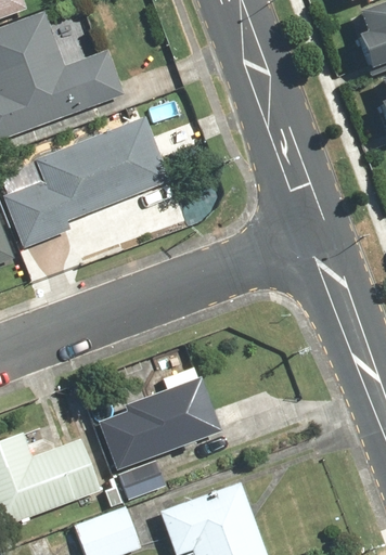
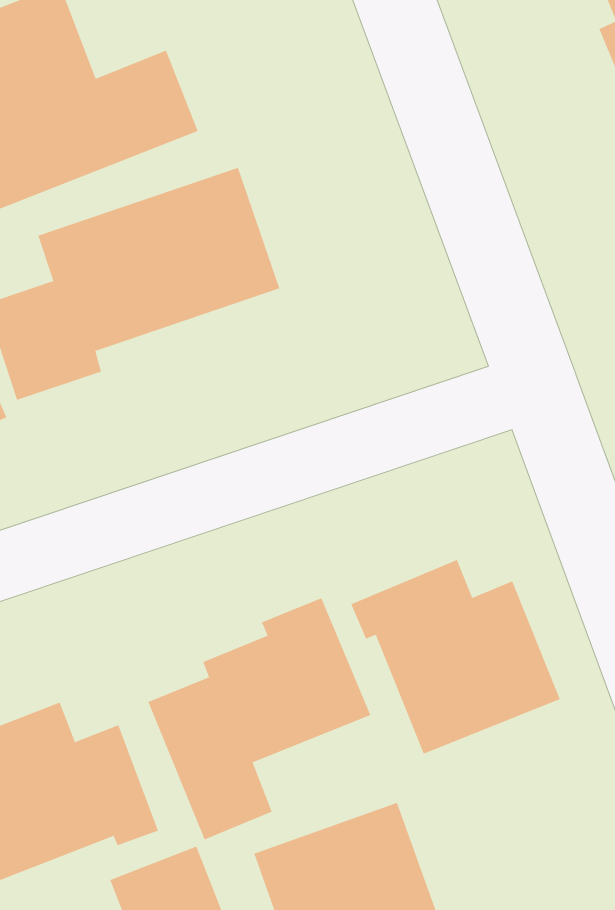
building: none -> [350,559,561,755]

